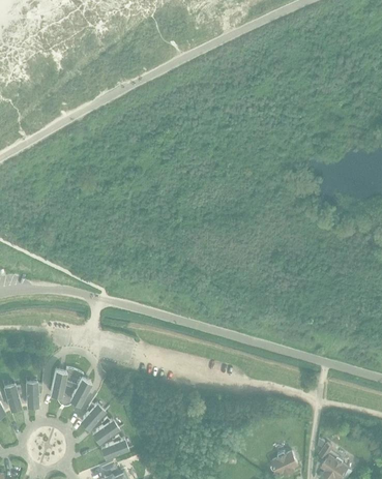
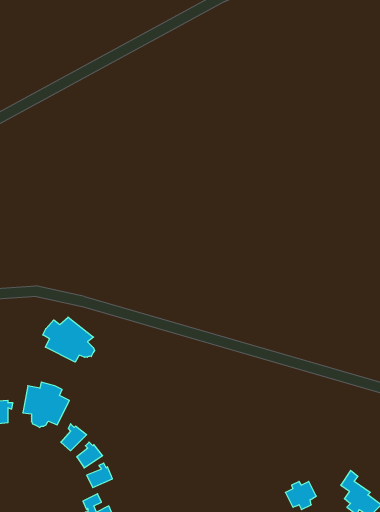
building: none -> [43,317,94,362]

